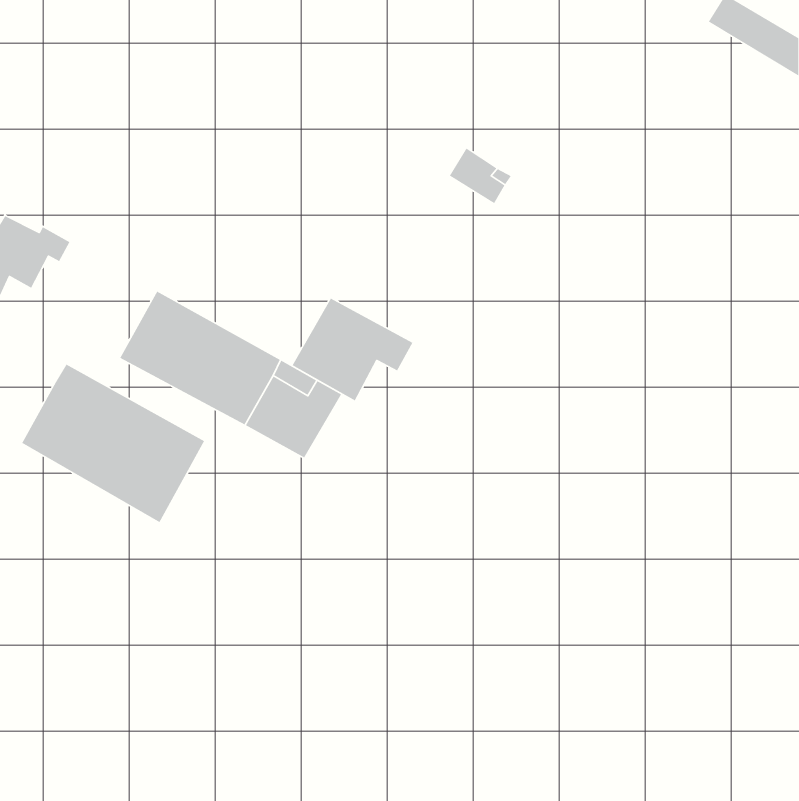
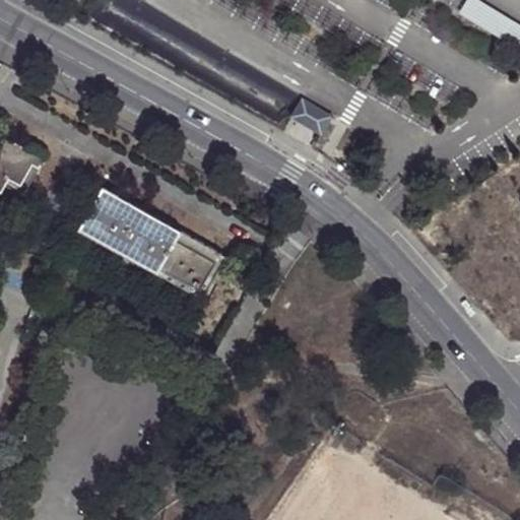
building: [291,297,414,401] -> none
building: [21,363,205,523] -> none

